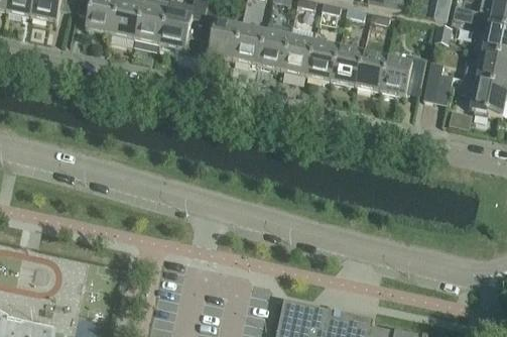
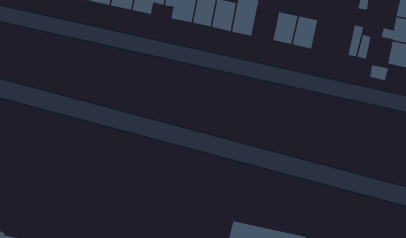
building: [307,40,340,81] -> none
building: [380,54,426,97] -> none

